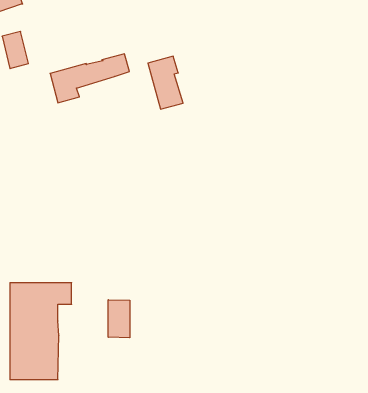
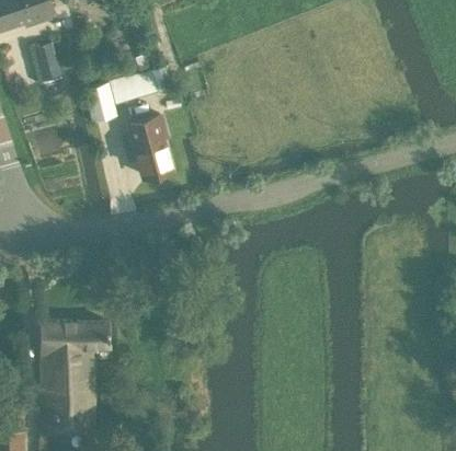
building: [148,56,183,109] -> [130,117,170,176]
building: [108,300,130,338] -> none

